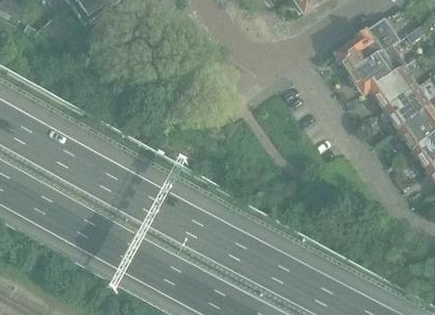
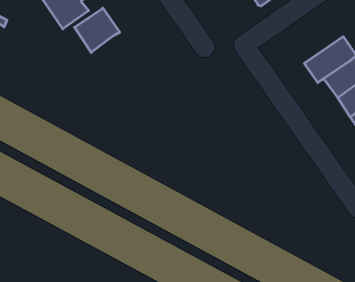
building: none -> [74,8,120,53]
building: [337,16,398,71] -> none

